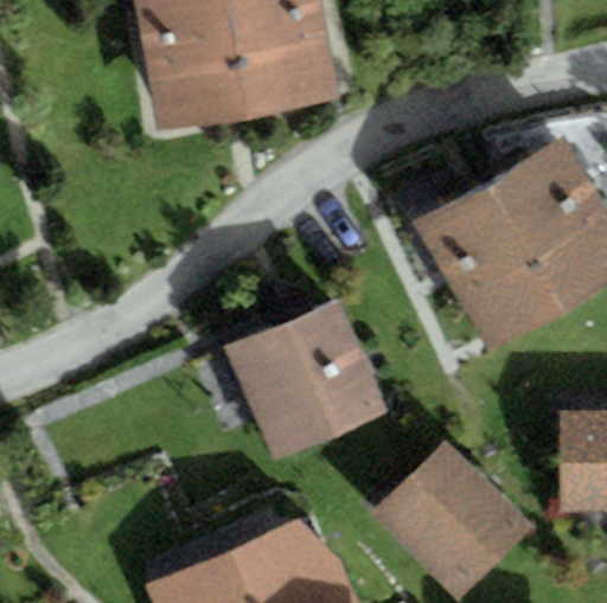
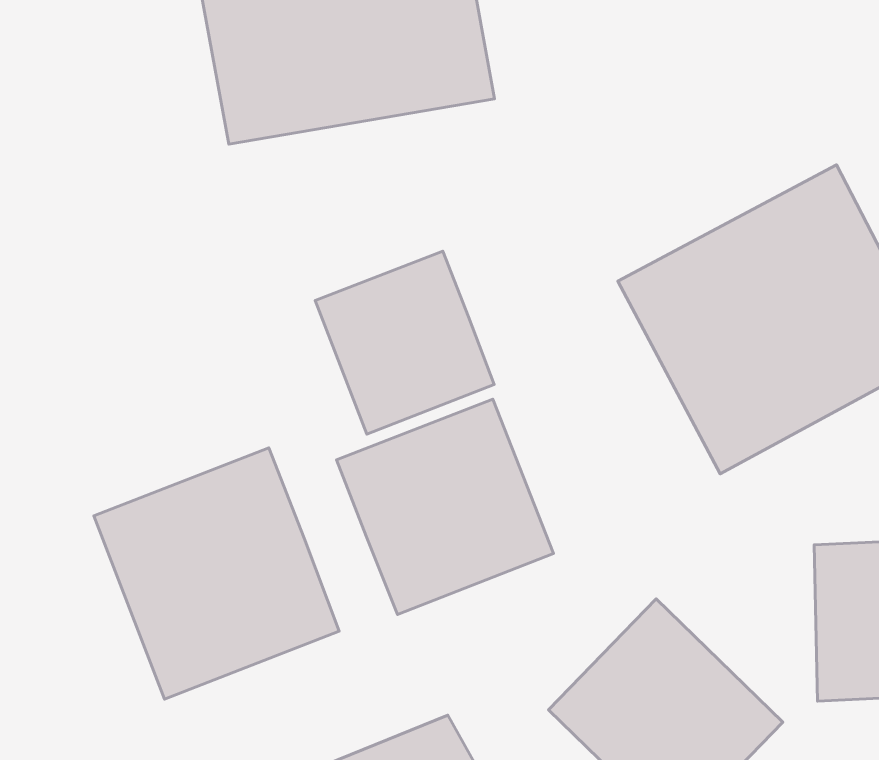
building: none -> [315,251,494,434]
building: none -> [94,448,339,699]

